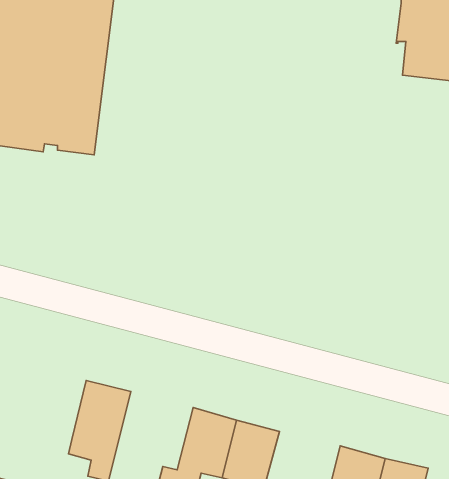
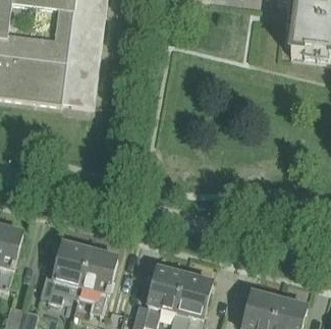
building: none -> [40,240,89,301]

